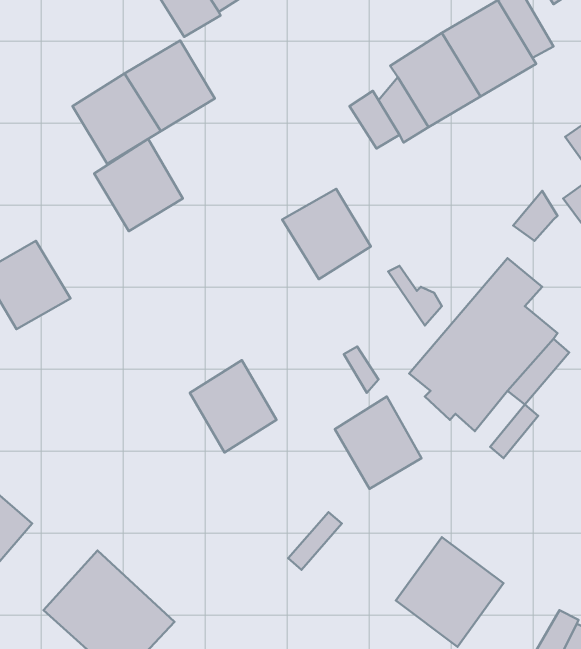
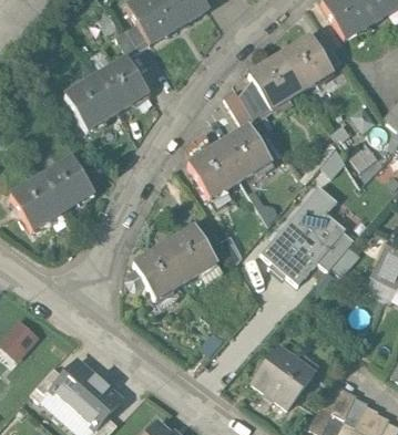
building: [94,139,183,231] -> [44,156,95,209]
building: none -> [217,127,269,179]
building: [335,397,421,489] -> [163,226,213,279]

